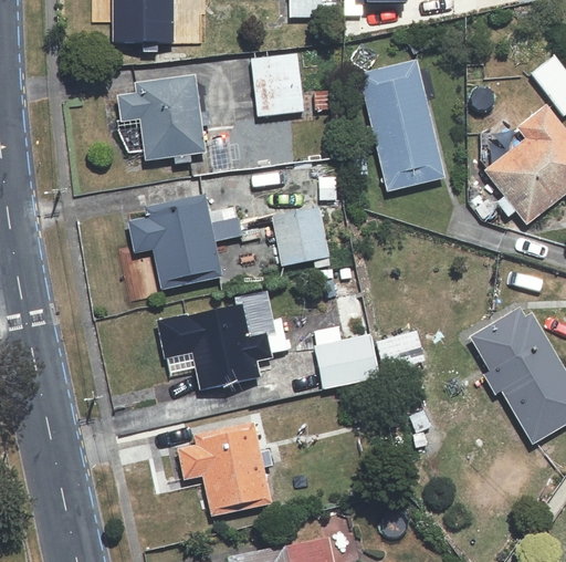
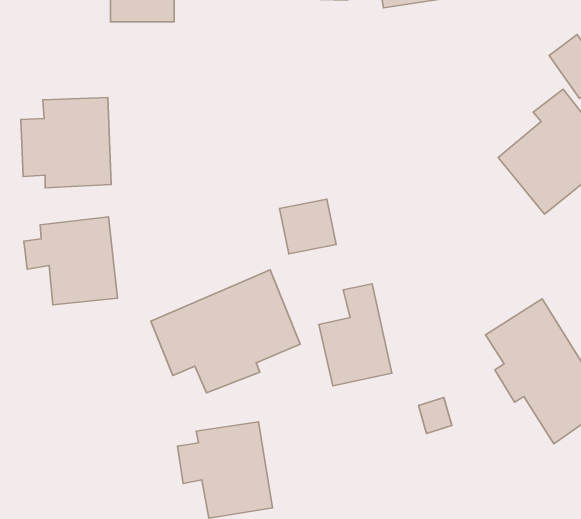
building: [252,53,304,116] -> none
building: [355,63,443,191] -> none
building: [117,75,203,162] -> [21,97,111,188]
building: [130,200,220,284] -> [24,217,118,305]

